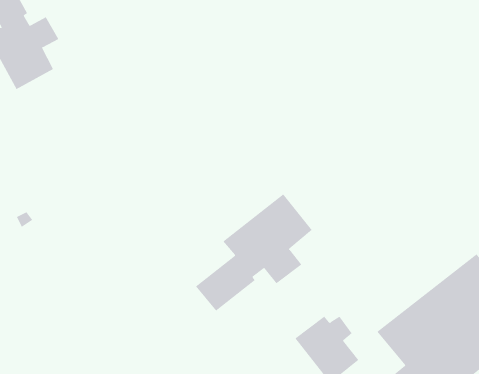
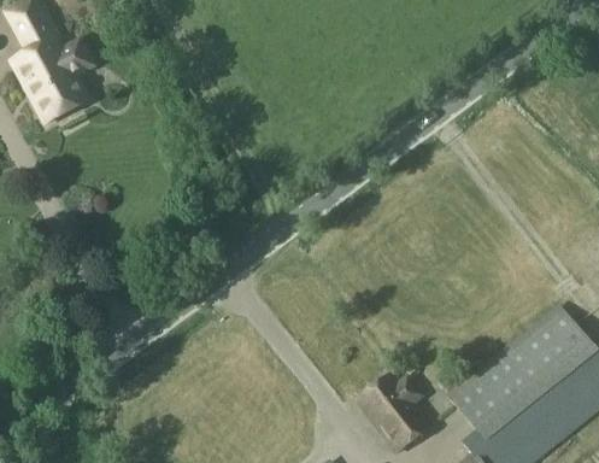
building: [195,194,312,312] -> none

